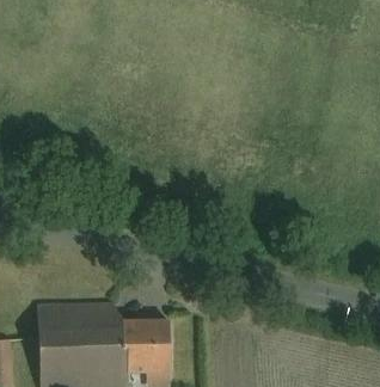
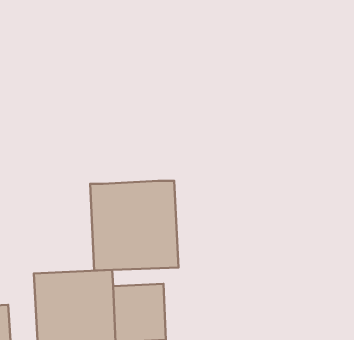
building: none -> [90,181,178,271]

